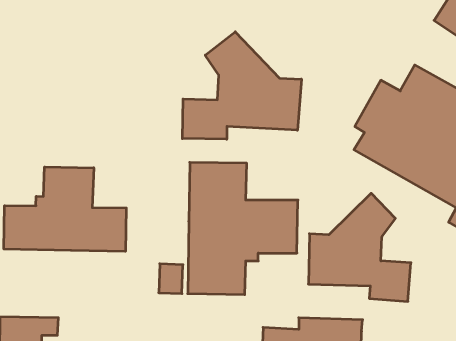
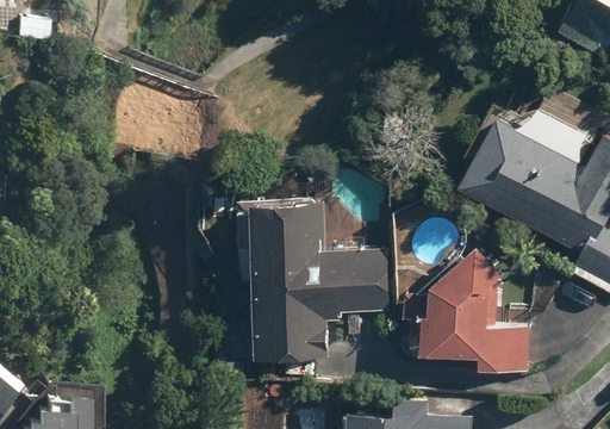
building: [182,32,301,139] -> none
building: [4,167,126,251] -> none

